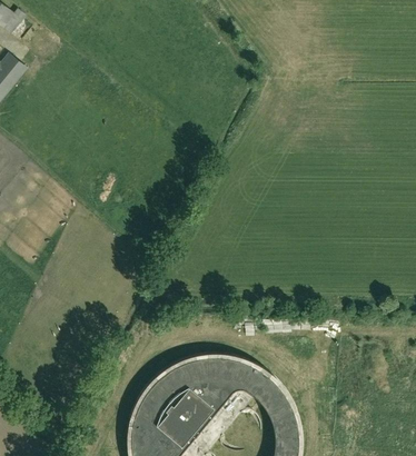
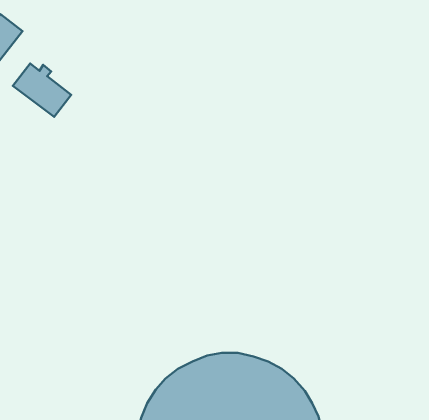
building: none -> [13,64,71,117]

